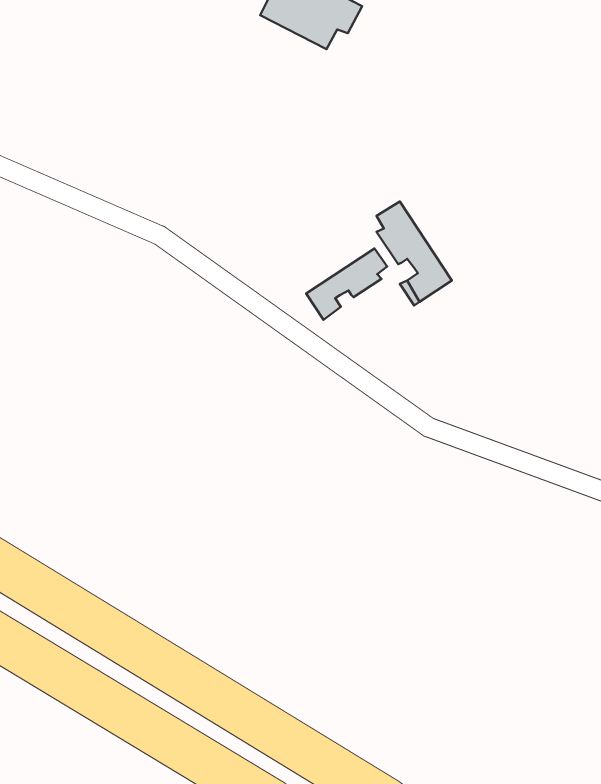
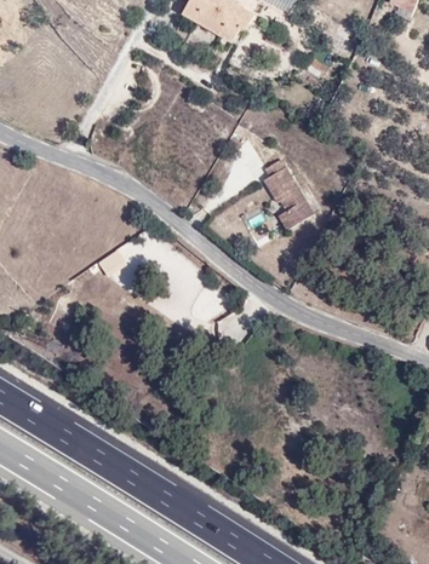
building: [306,248,387,320] -> none

